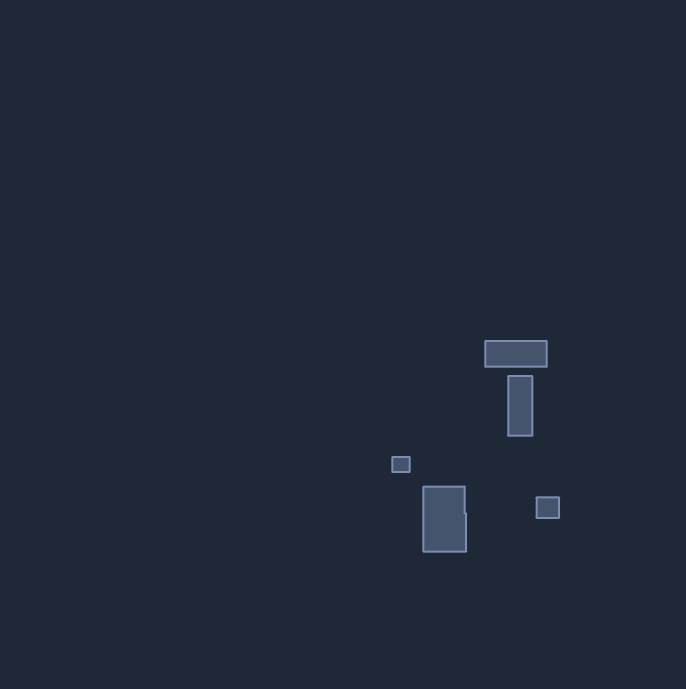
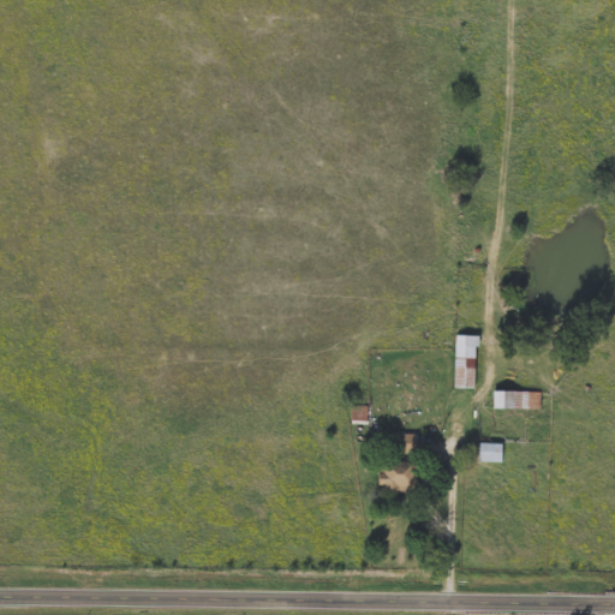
building: [485,341,547,367] -> none
building: none -> [494,390,541,408]

